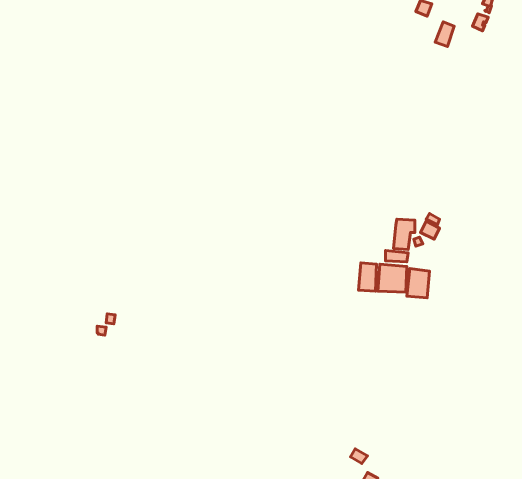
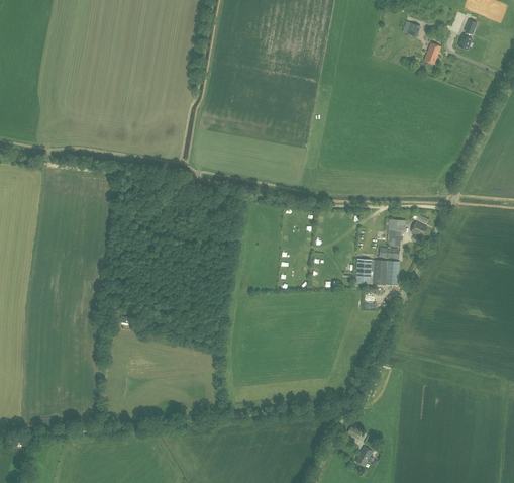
building: [407,269,430,298] -> none

